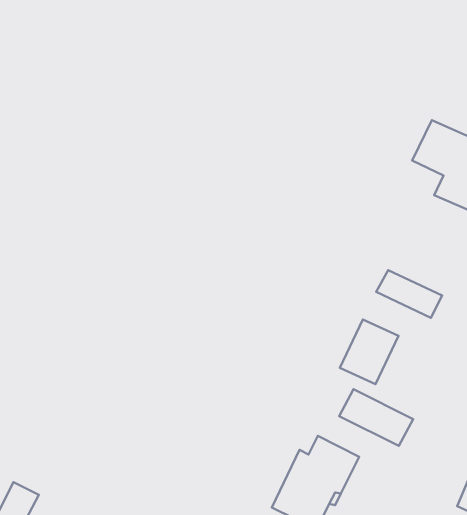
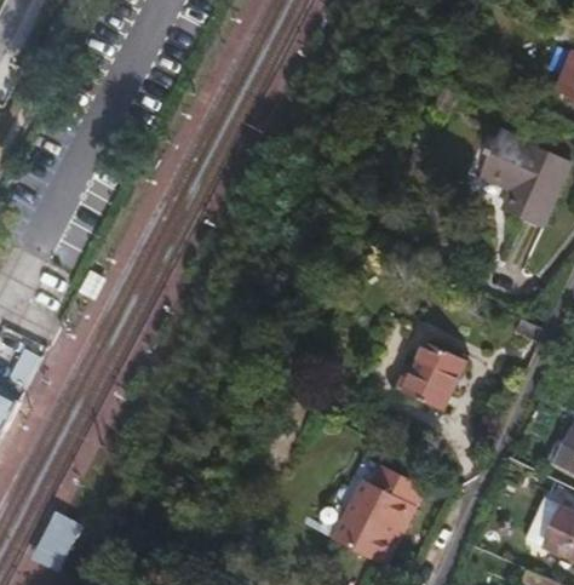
building: [376,270,442,318] -> none
building: [339,389,413,446] -> none

